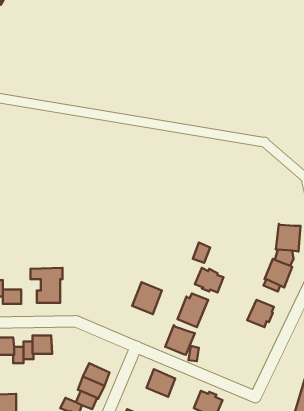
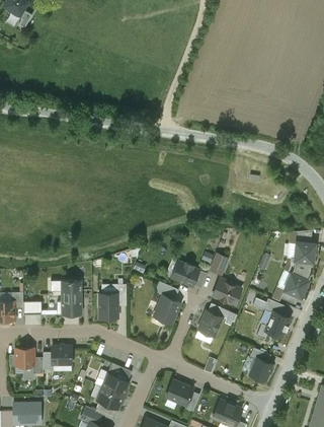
building: none -> [171,262,198,287]
building: none -> [95,291,118,319]
building: [165,325,195,355] -> none
building: none -> [249,356,274,384]

